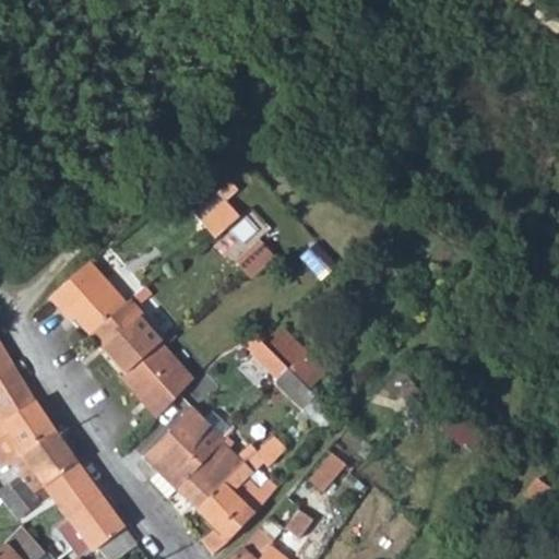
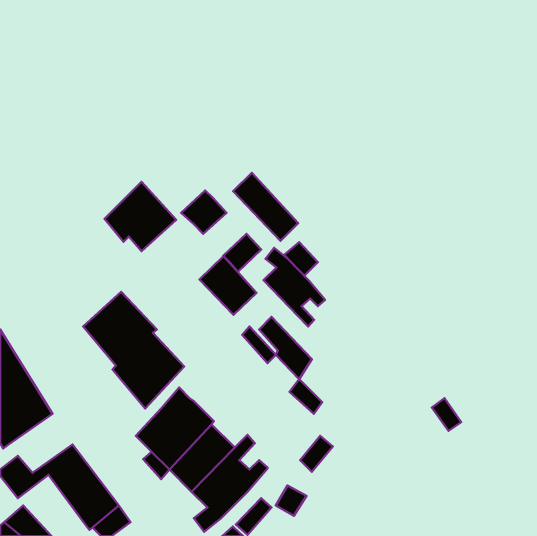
building: none -> [233,173,298,241]
building: none -> [264,248,325,327]
building: none -> [200,256,256,315]
building: [49,266,123,338] -> [104,182,176,251]
building: [10,429,76,490] -> none

